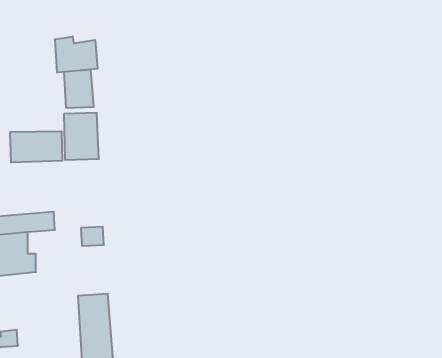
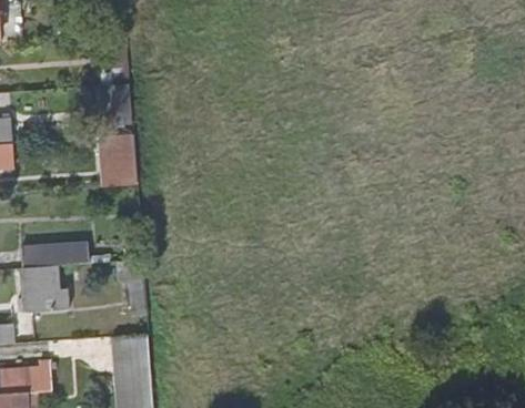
building: [55,36,97,73] -> none
building: [10,131,62,163] -> none

